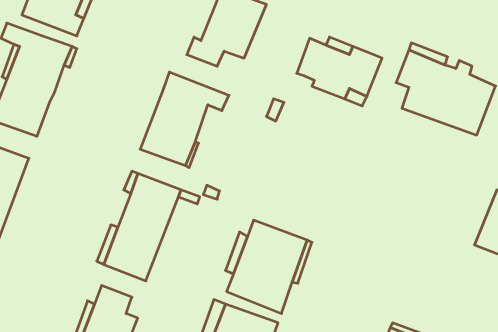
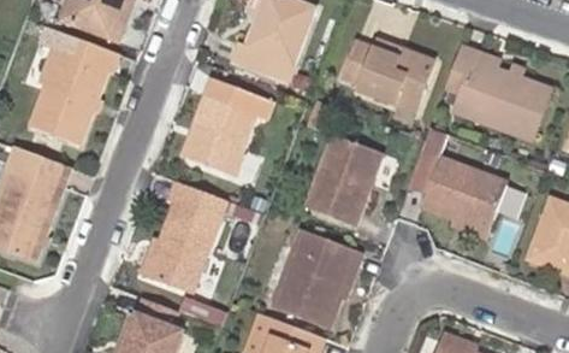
building: none -> [409,129,508,230]
building: none -> [304,134,381,226]

